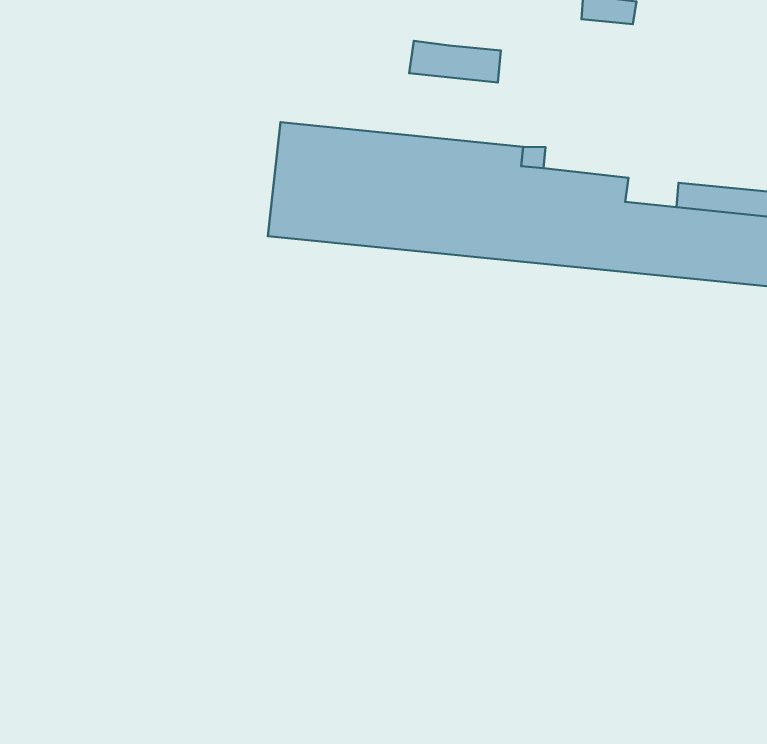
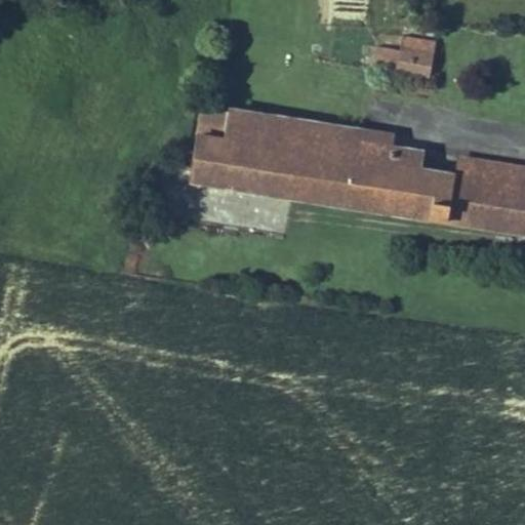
building: [409,41,501,83] -> [373,47,433,77]

